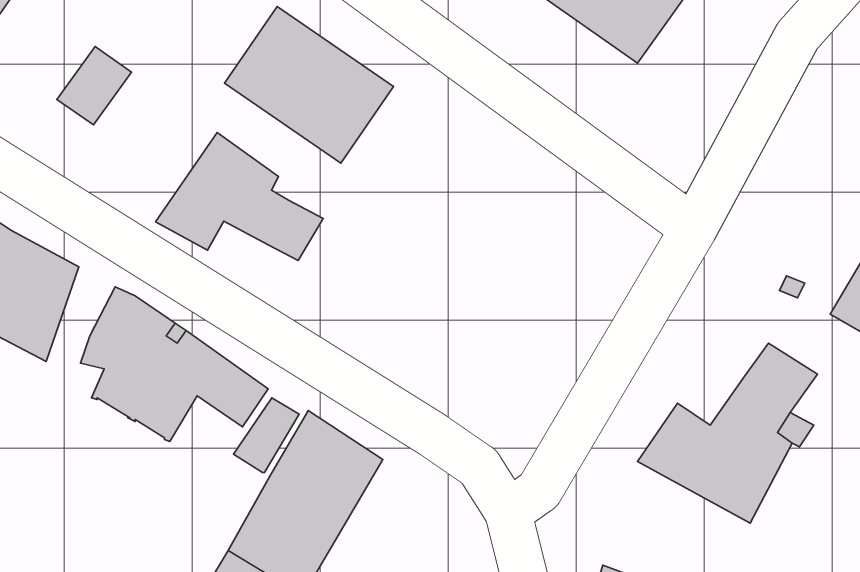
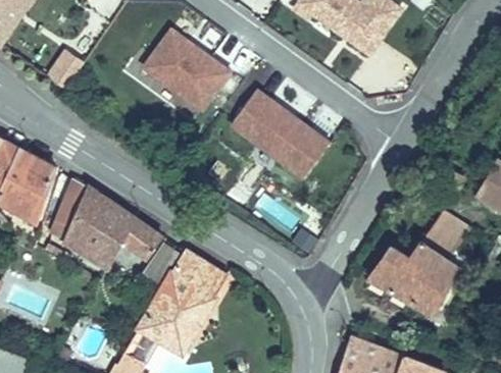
building: none -> [230,87,331,178]
building: [156,132,323,260] -> none

